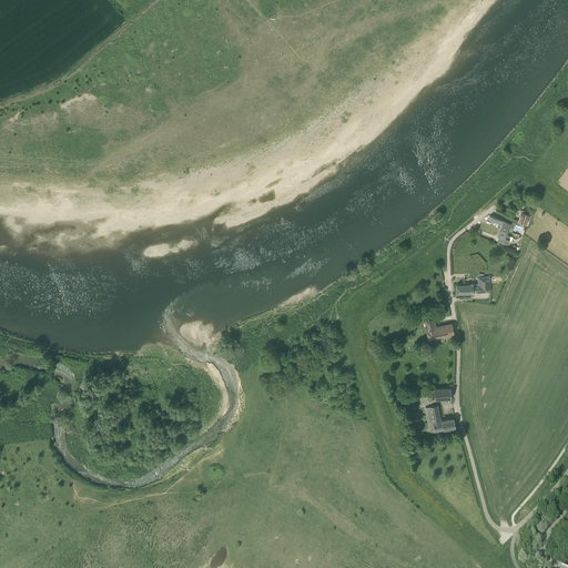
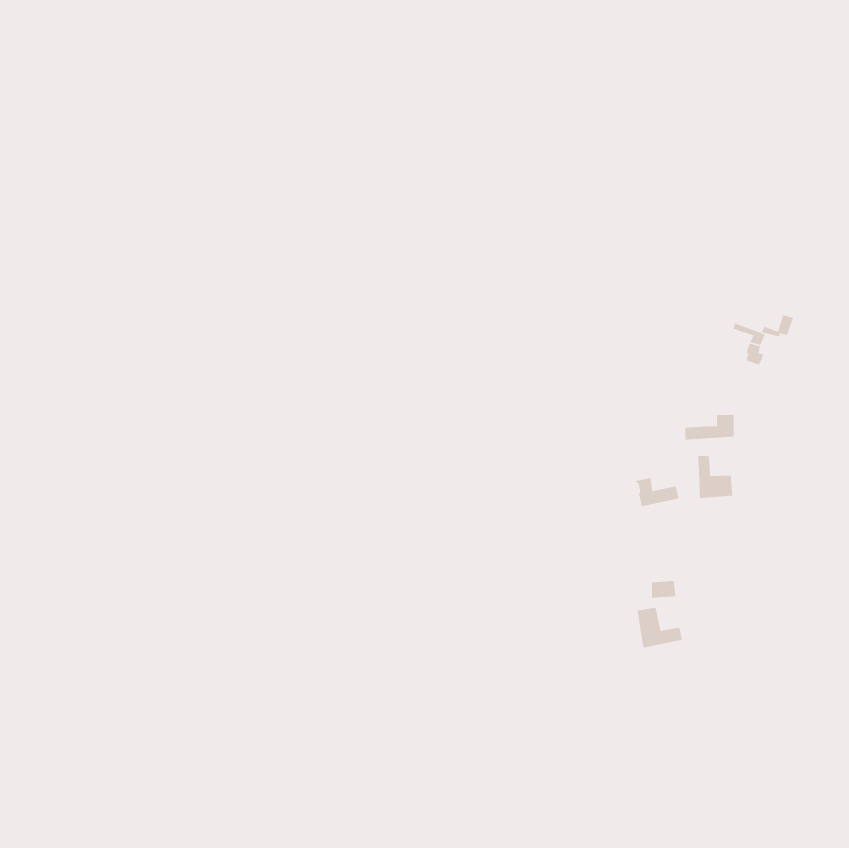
building: none -> [698,455,733,499]

